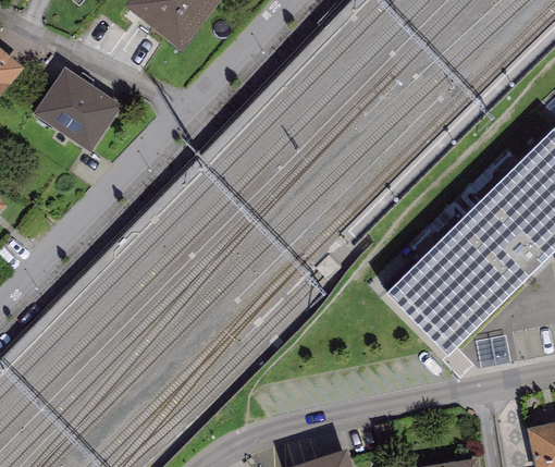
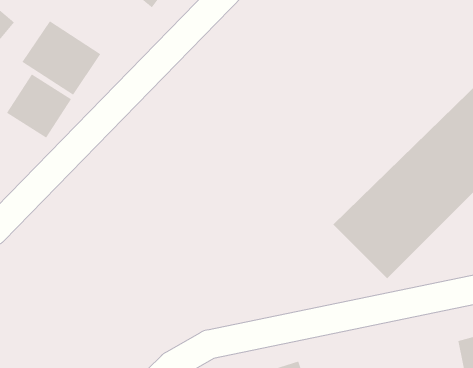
building: none -> [6,74,72,139]

